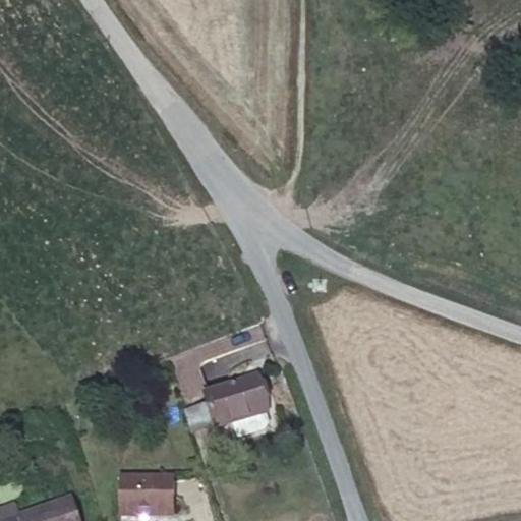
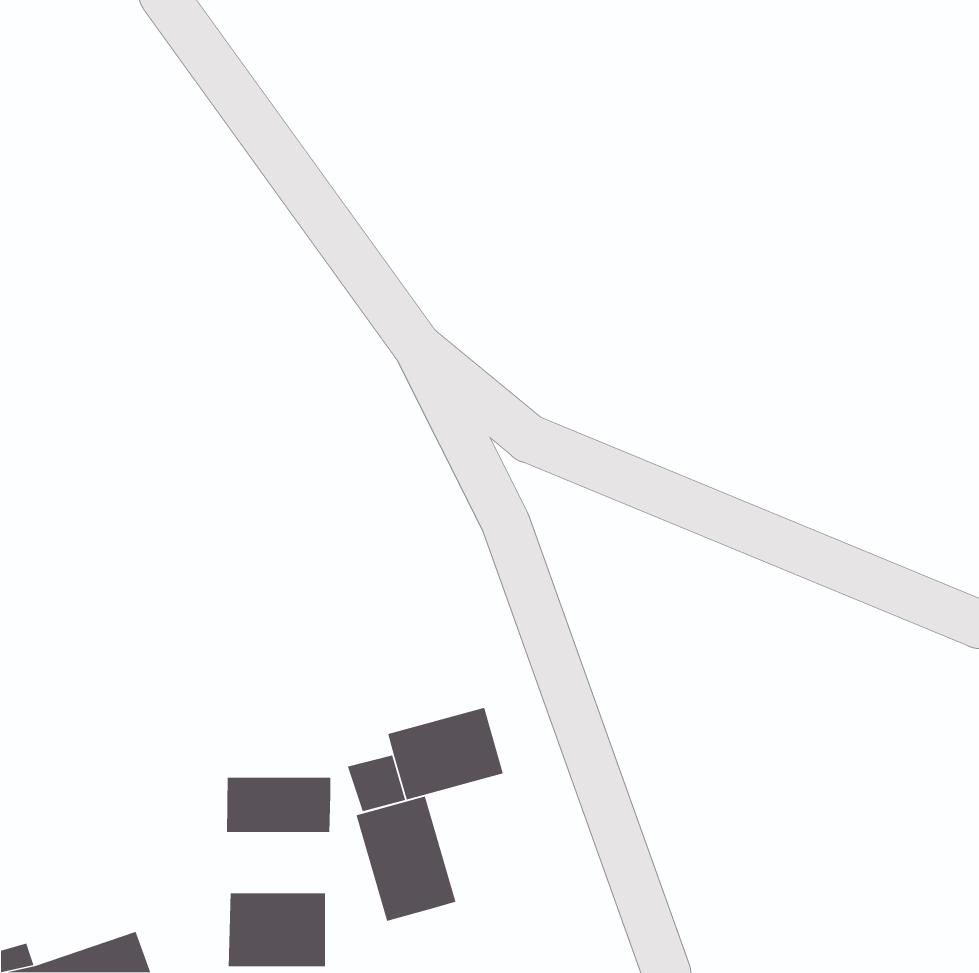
building: none -> [226,777,331,833]
building: none -> [355,795,457,922]

